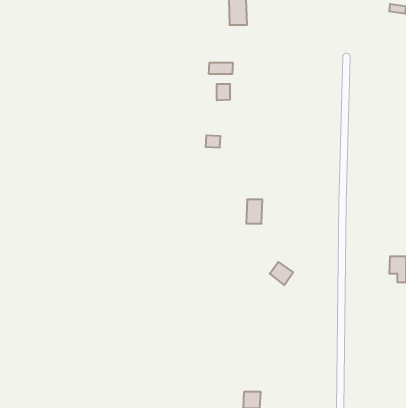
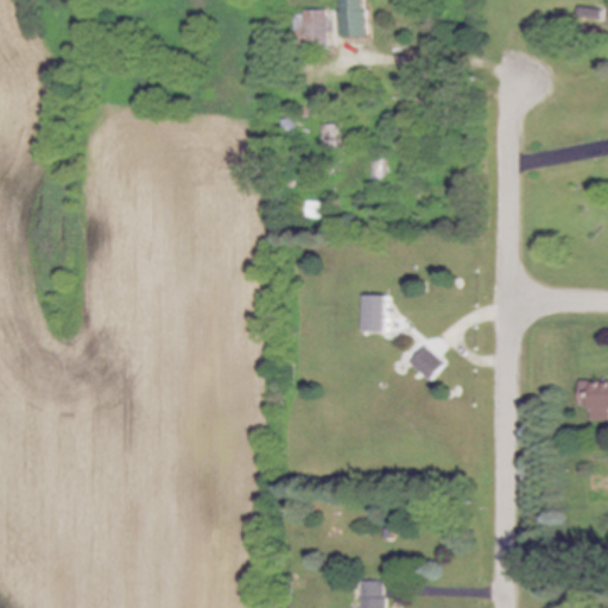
building: none -> [291,11,327,42]
building: [209,63,233,74] -> none
building: [270,262,293,285] -> [408,347,443,381]

